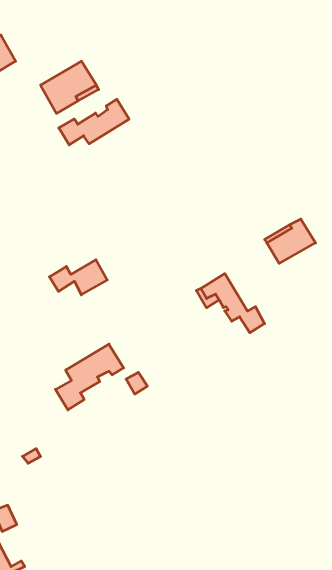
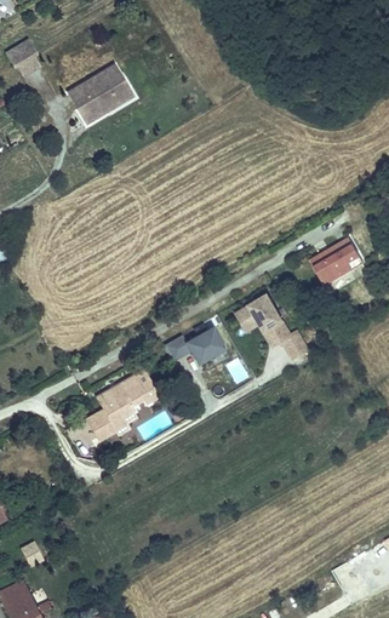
building: [59,99,129,145] -> none
building: [49,260,107,295] -> [164,326,225,364]

